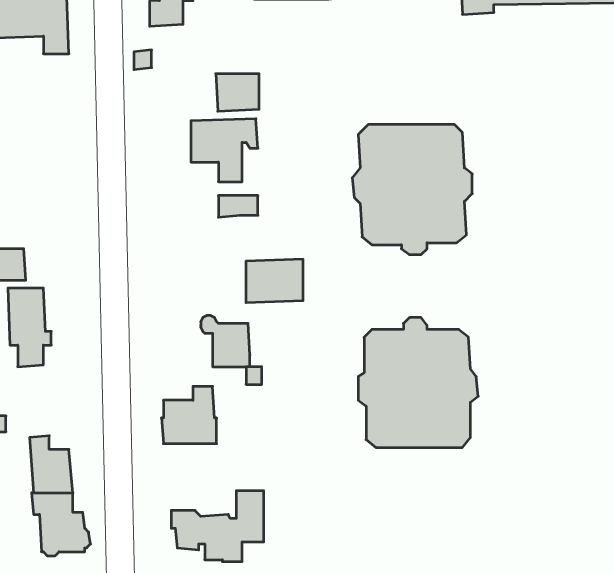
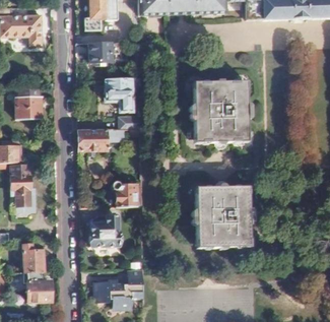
building: [216,74,259,111] -> [89,43,112,62]
building: none -> [16,87,56,119]
building: [246,259,303,303] -> [79,129,109,151]

